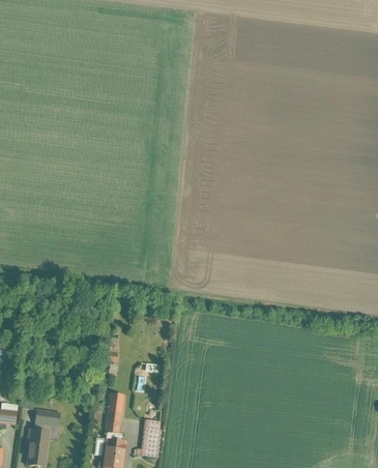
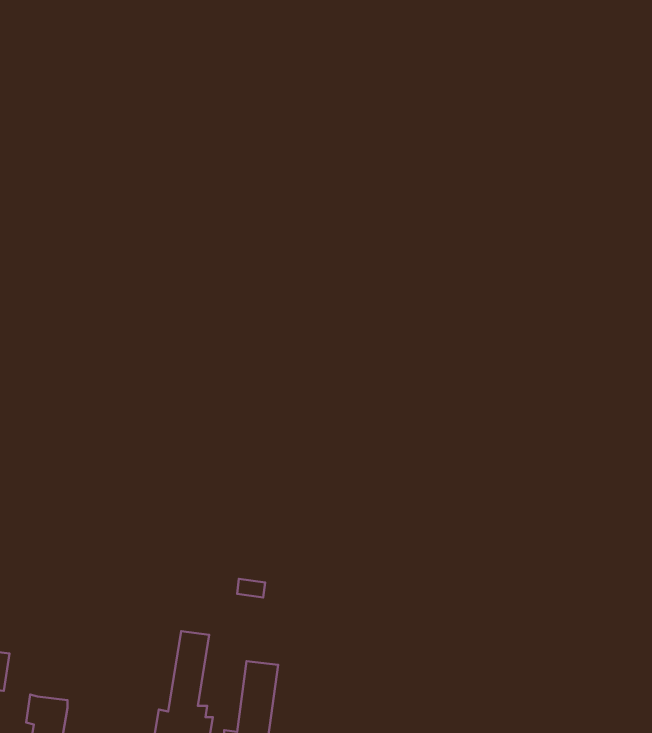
building: [32,408,62,437] -> none

